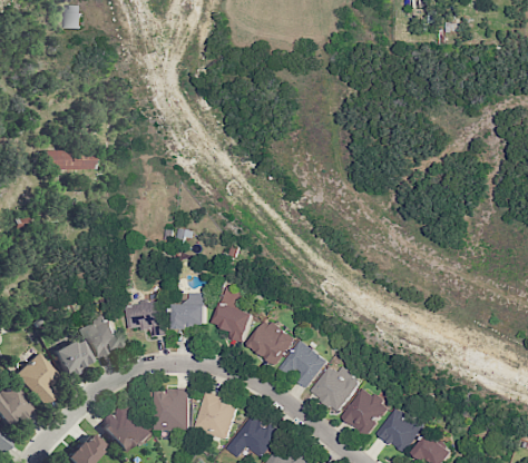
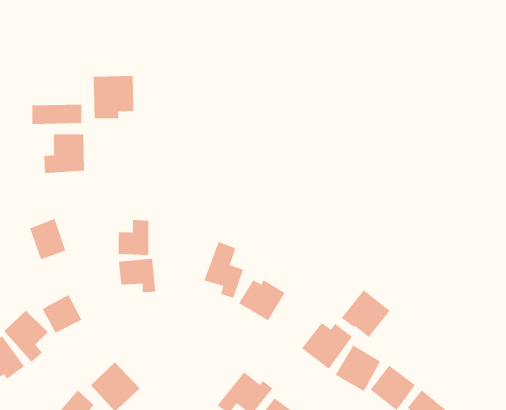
building: none -> [93,75,134,119]
building: none -> [44,134,85,174]
building: [173,292,204,327] -> [118,219,149,255]
building: [81,315,118,356] -> [29,218,66,260]
building: [277,339,326,387] -> [341,290,390,338]
building: [153,390,187,430] -> none
building: [194,391,235,439] -> none

